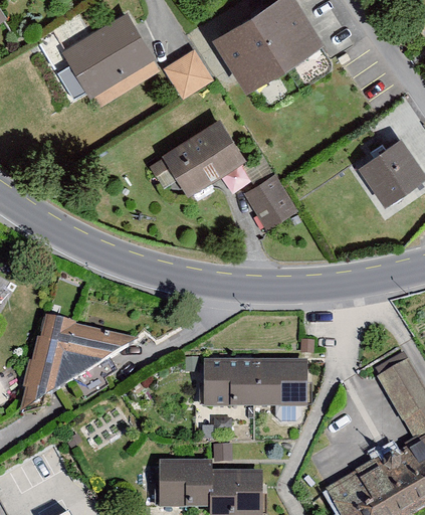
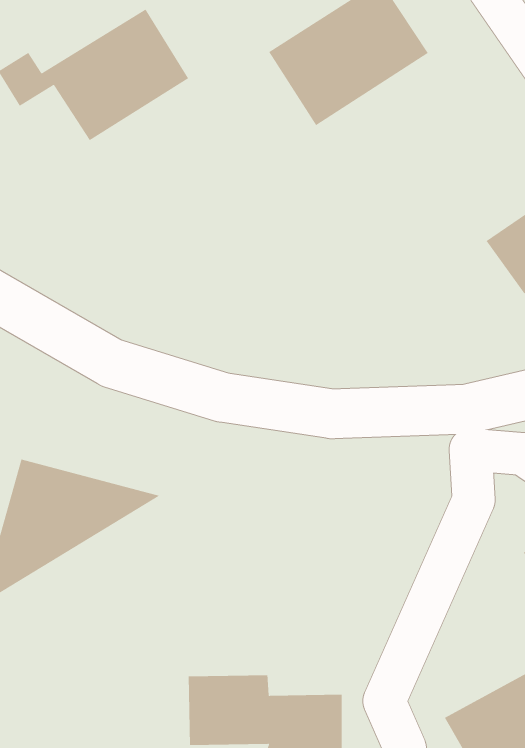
building: [166,50,214,98] -> none
building: [149,120,245,197] -> none
building: [249,176,295,225] -> none
building: [203,357,304,406] -> none

